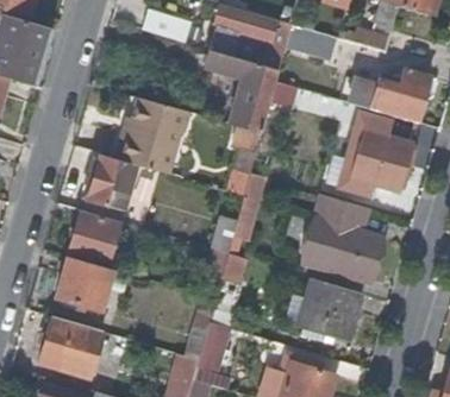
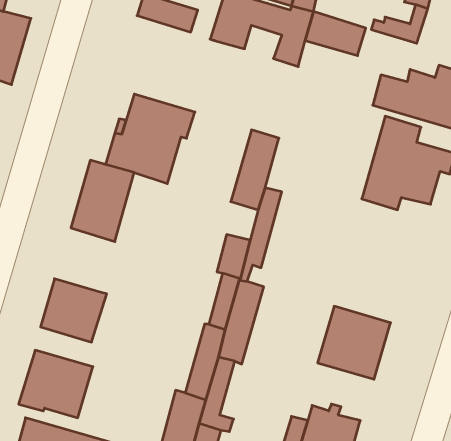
building: [205,50,281,134] -> none
building: [302,196,382,283] -> none
building: [70,212,123,267] -> none

